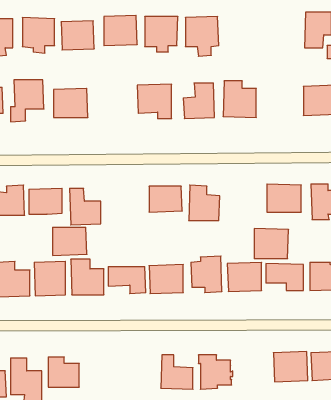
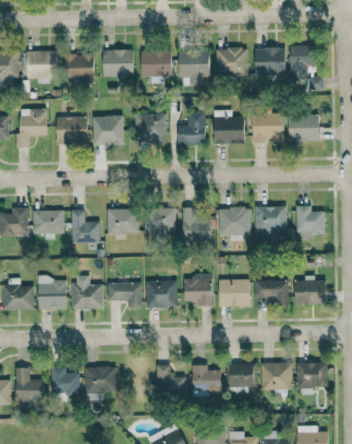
building: none -> [216,48,248,75]
building: none -> [255,48,286,74]
building: none -> [253,114,284,141]
building: none -> [92,116,124,146]
building: [53,227,87,255] -> [107,209,139,235]
building: [254,229,289,259] -> [219,207,251,235]
building: none -> [230,363,257,387]
building: none -> [85,367,117,393]

